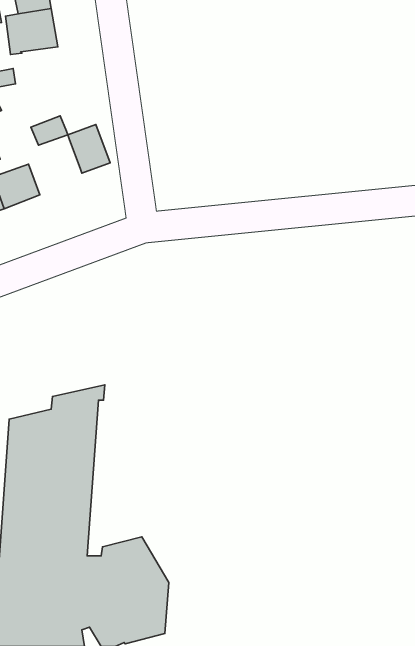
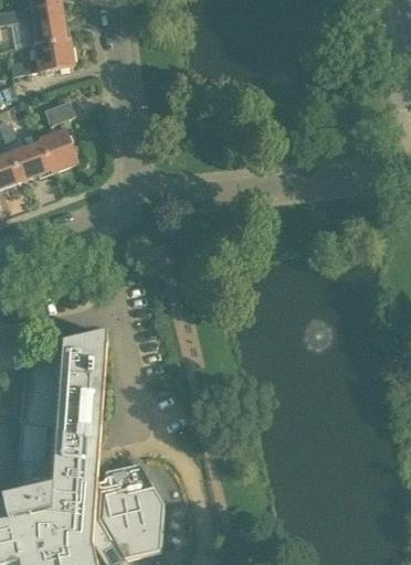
building: none -> [35,40,74,71]
building: [68,125,110,173] -> [41,130,77,172]

